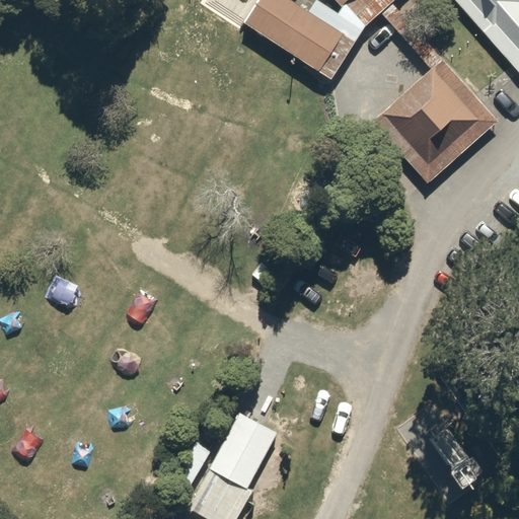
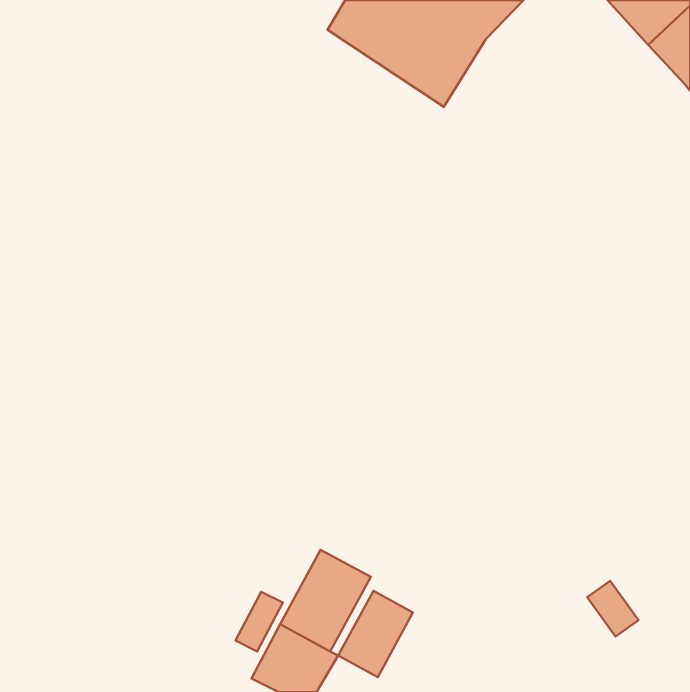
building: [374,61,498,182] -> none
building: none -> [338,591,413,677]

